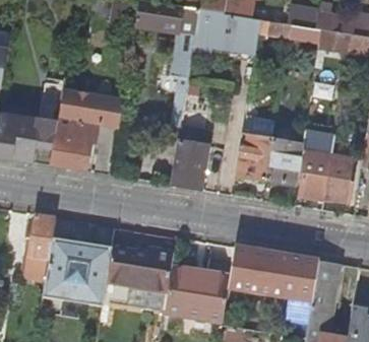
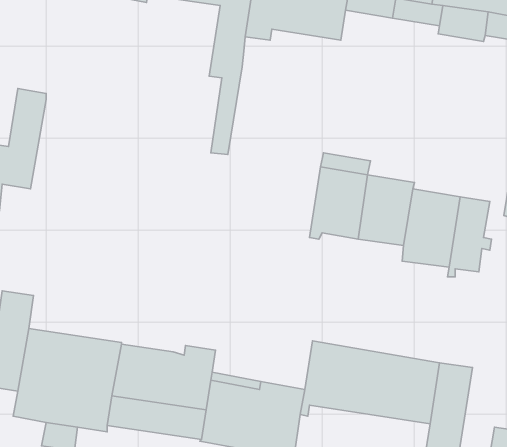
building: [51,90,125,170] -> none
building: [173,126,207,189] -> none

